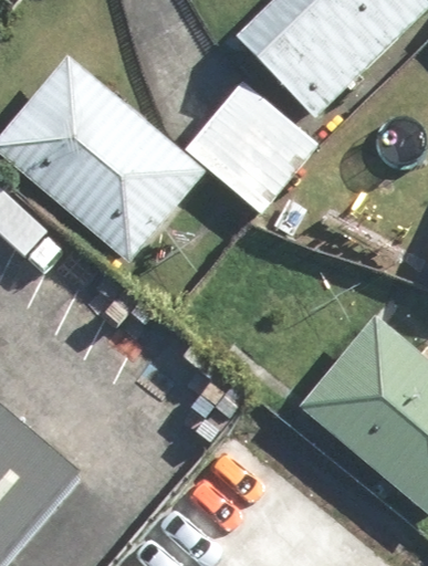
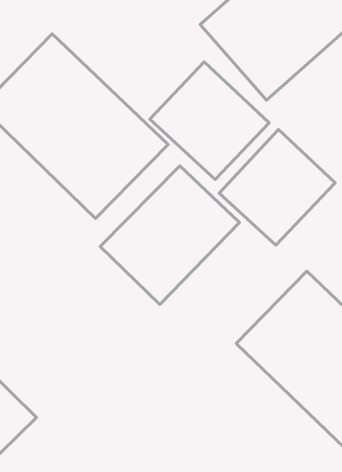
building: none -> [219,130,335,245]
building: none -> [100,166,239,305]

